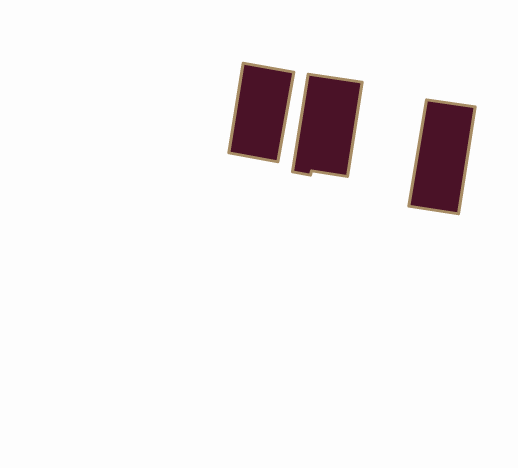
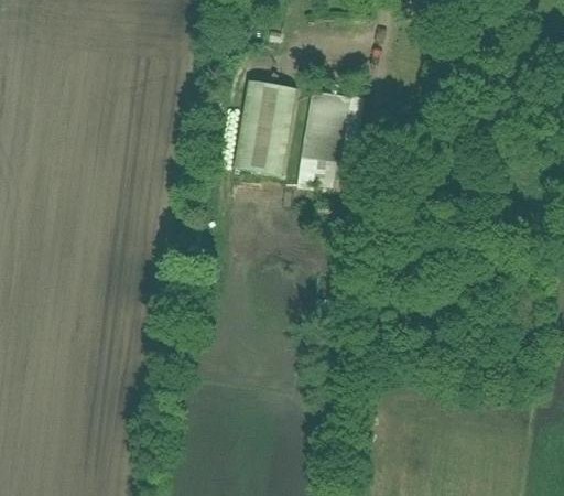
building: [409,100,475,214] -> none

